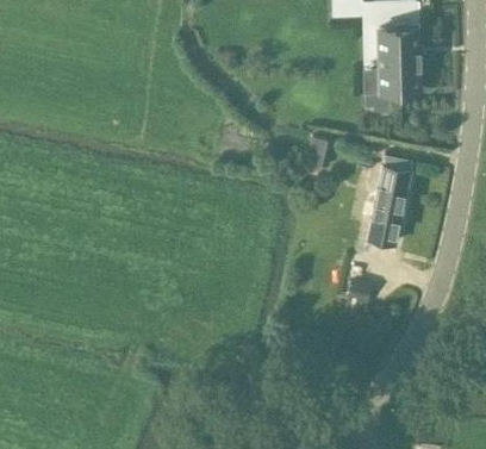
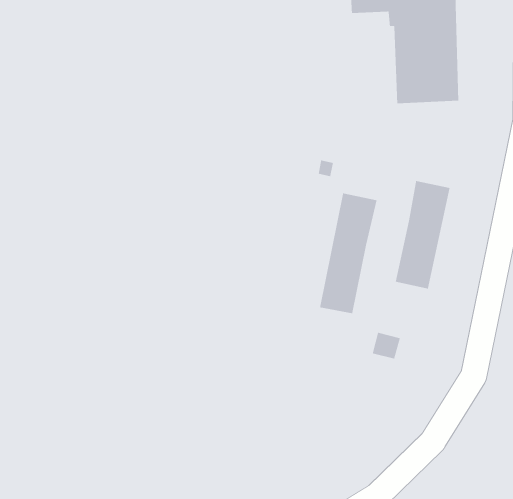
building: none -> [319,193,377,314]

